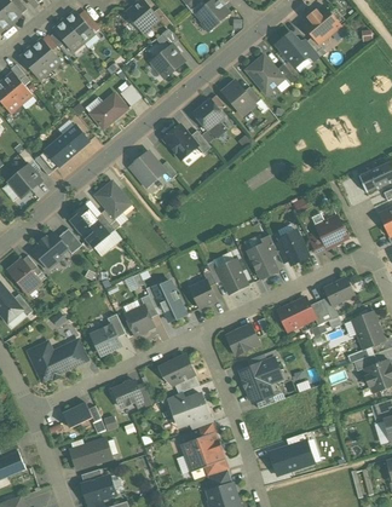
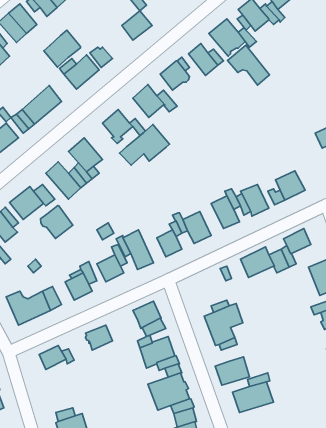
building: none -> [44,30,81,67]
building: none -> [228,45,269,85]
building: none -> [120,125,170,165]
building: none -> [40,205,73,239]
building: [225,324,260,356] -> none
building: none -> [215,357,249,385]
building: [70,439,111,468] -> none

